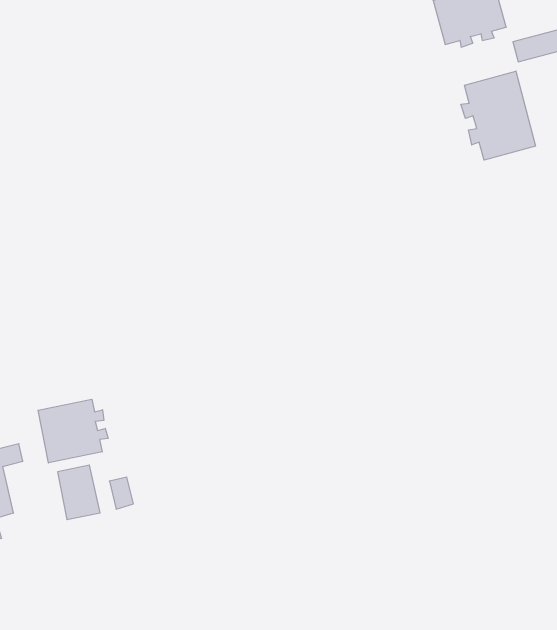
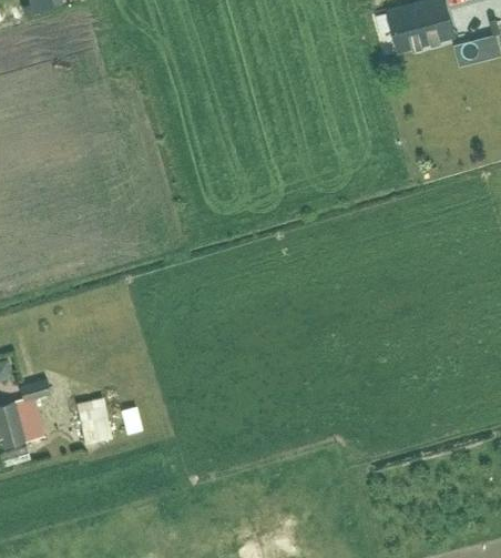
building: [461,71,536,160] -> none
building: [38,399,108,463] -> none

